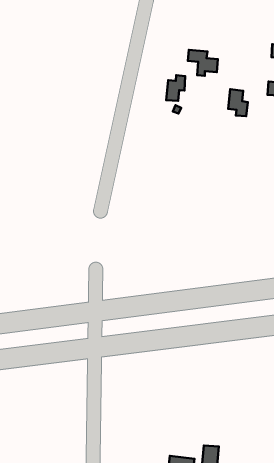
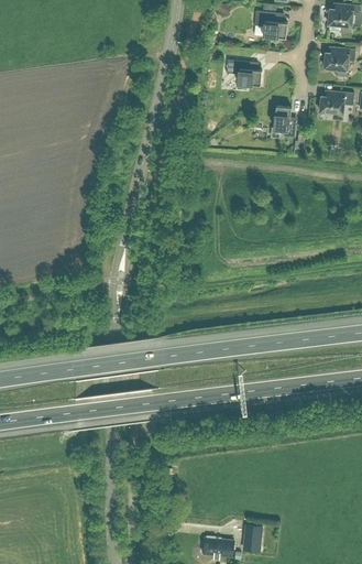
building: none -> [254,10,286,37]
building: [166,75,185,101] -> none

